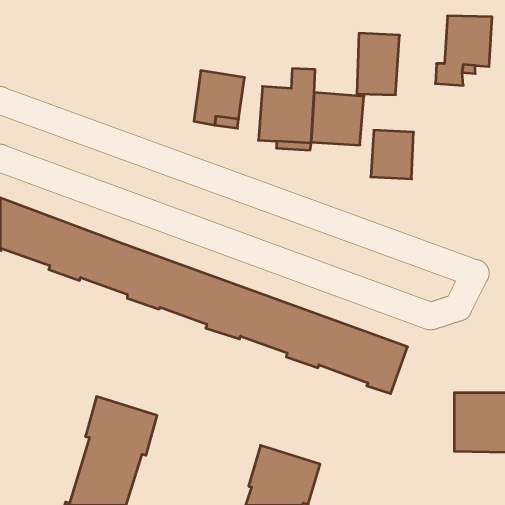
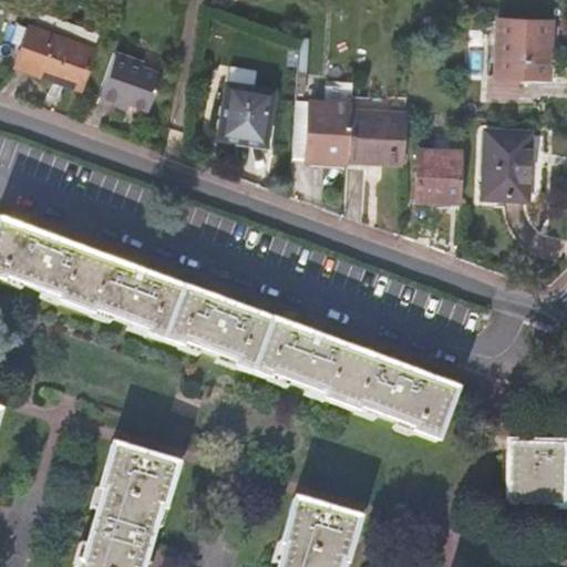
building: none -> [18,21,97,86]
building: [357,33,400,95] -> [485,130,533,198]
building: none -> [105,43,167,102]

